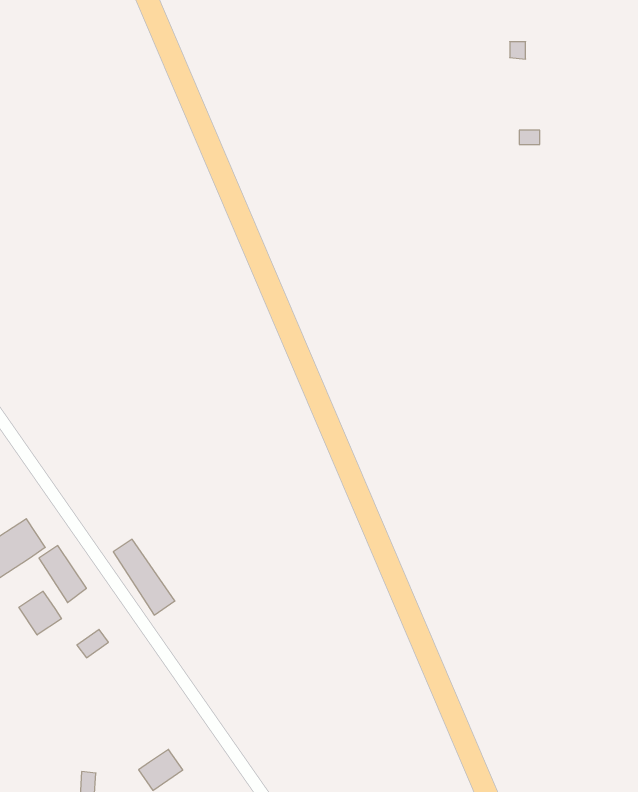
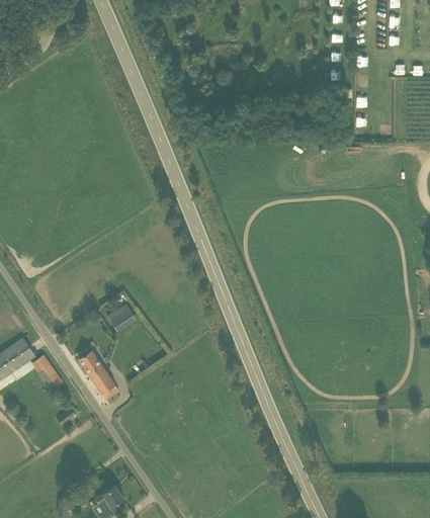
building: none -> [105,303,134,330]
building: [19,591,61,635] -> none

